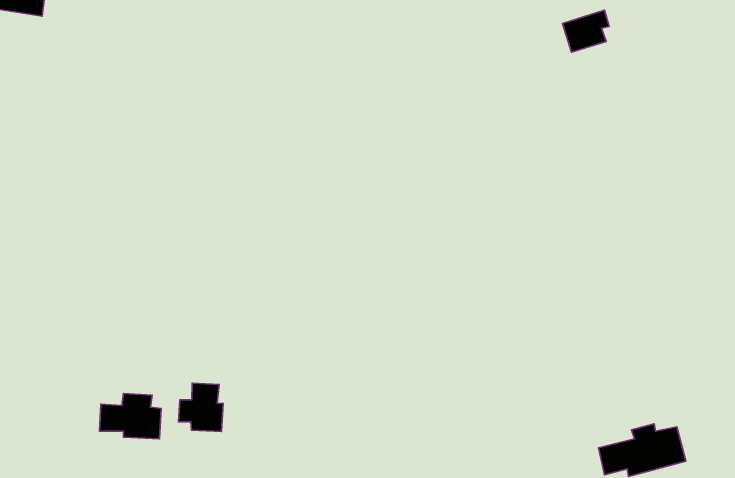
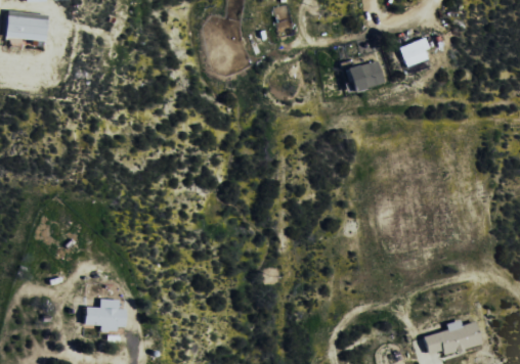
building: none -> [346,60,385,91]
building: [179,383,223,432] -> none

